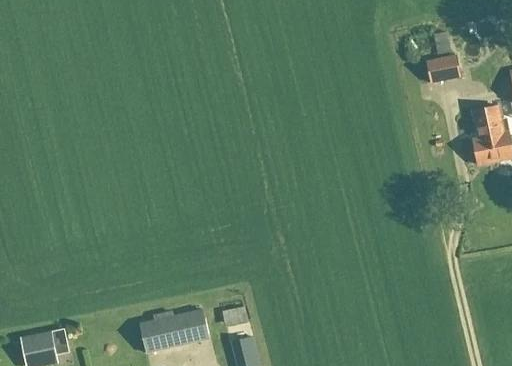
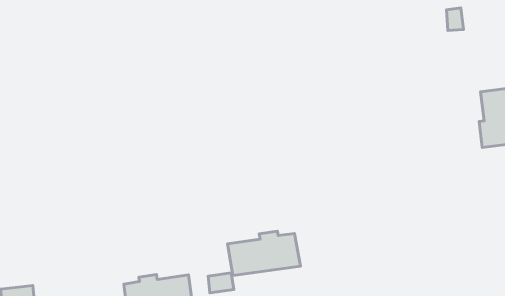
building: [426,54,460,82] -> none
building: none -> [227,231,301,276]

